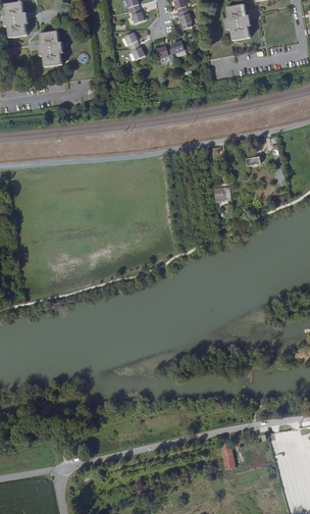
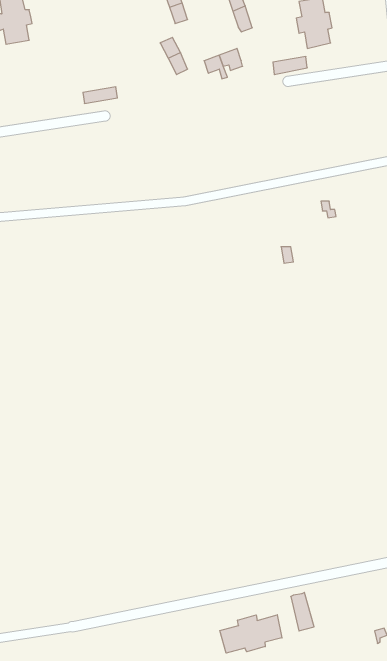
building: [38,30,64,66] -> none
building: none -> [220,615,282,653]

